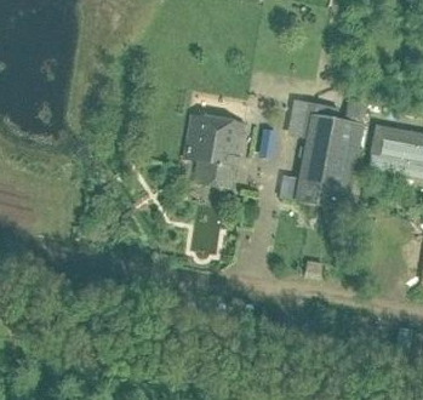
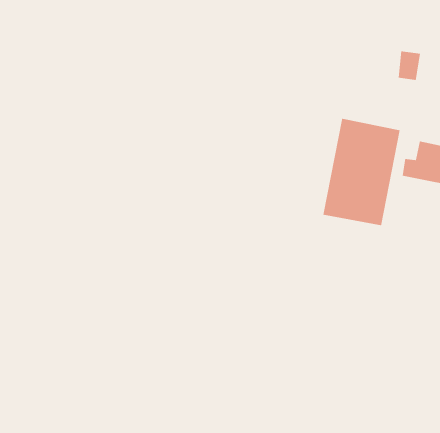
building: [183,108,242,182] -> none

